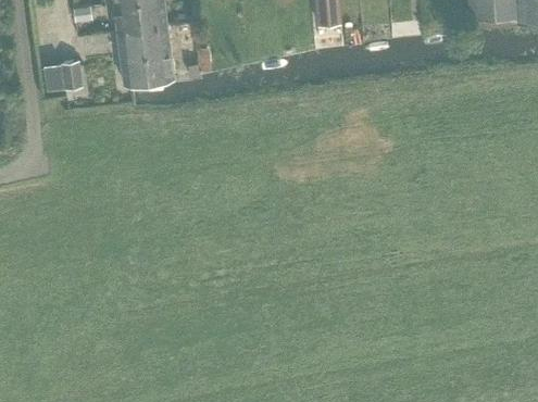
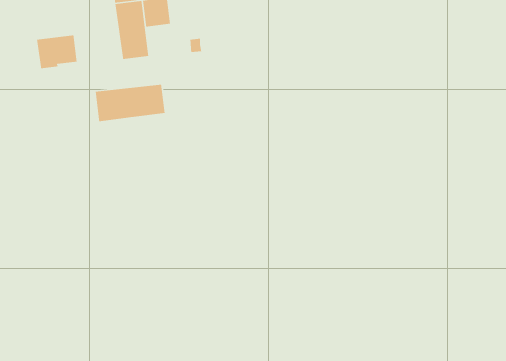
building: [146,49,174,79] -> none
building: none -> [95,84,165,122]

